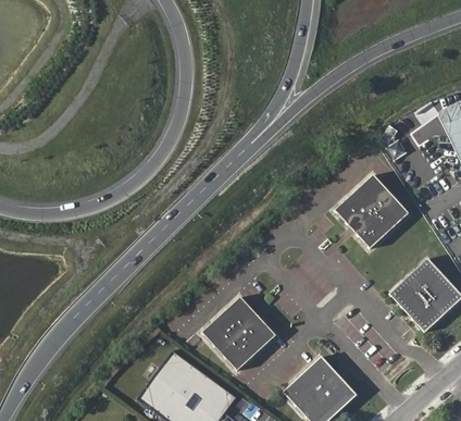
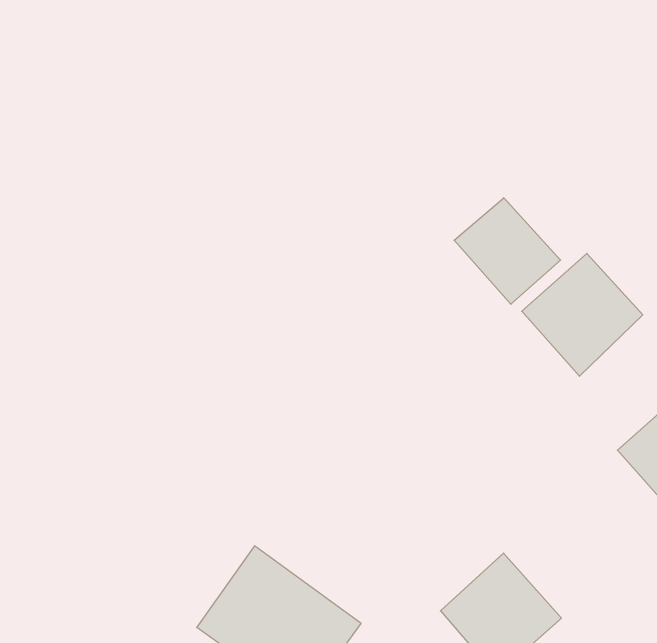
building: none -> [454,198,561,304]
building: [201,296,276,371] -> none

